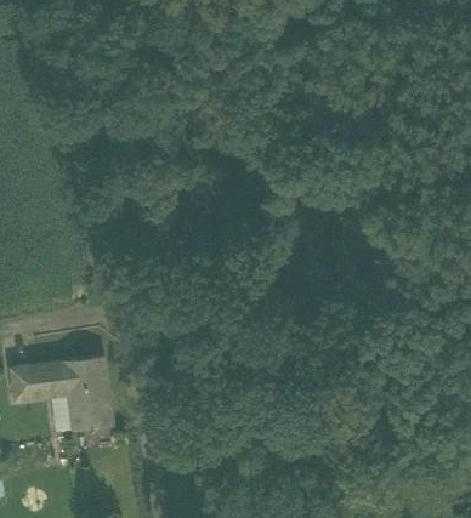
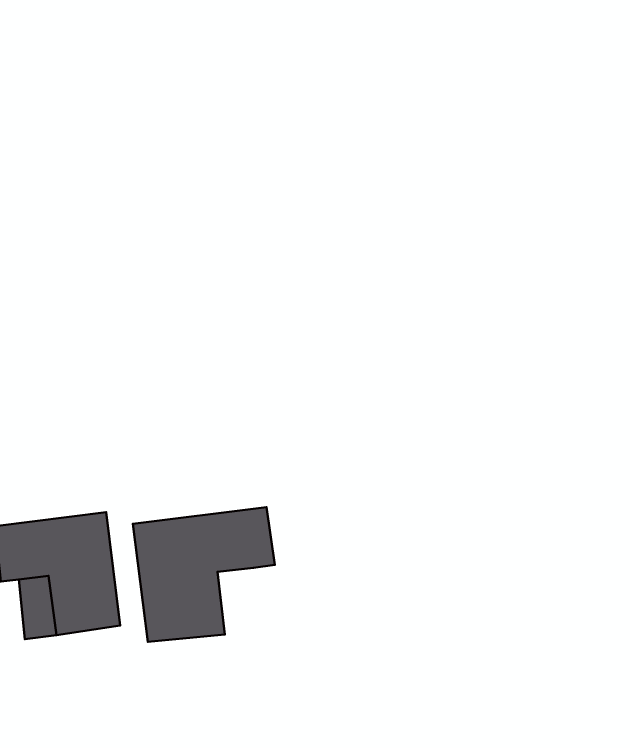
building: none -> [133,507,275,642]

